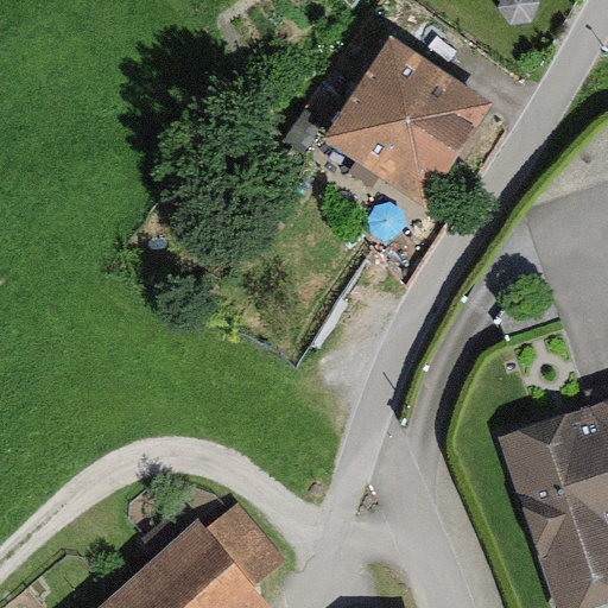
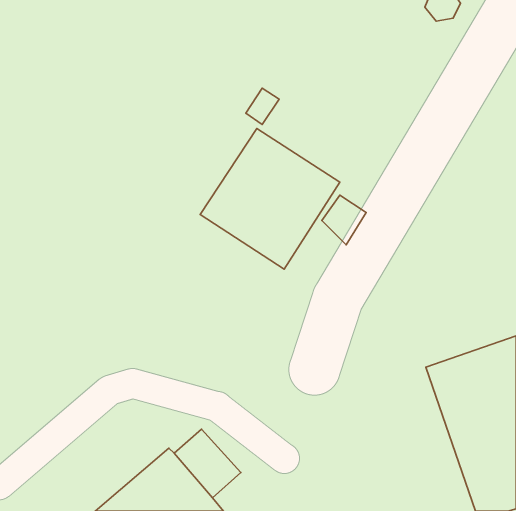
building: [324,44,488,209] -> [200,129,340,269]

